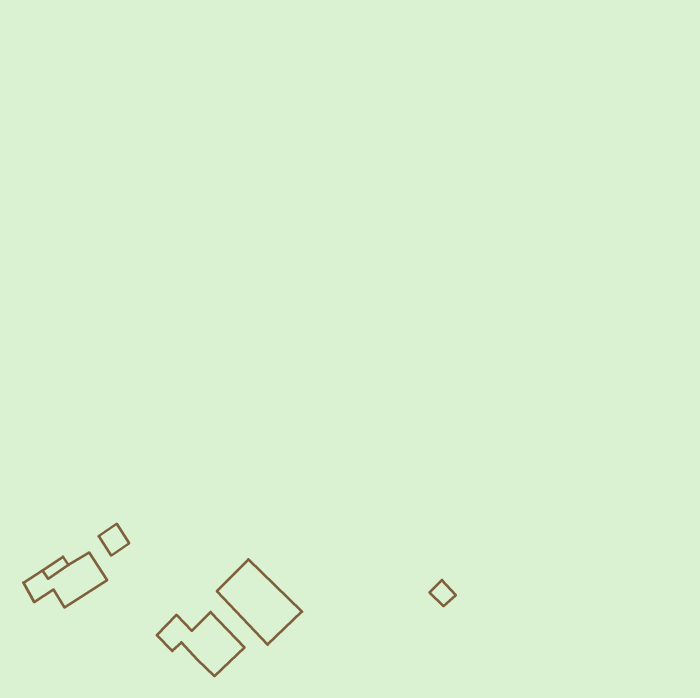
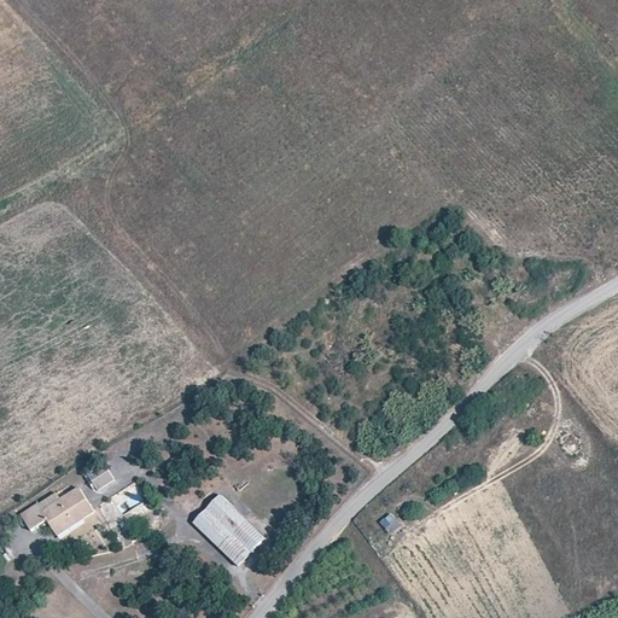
building: [157,612,244,676] -> none

